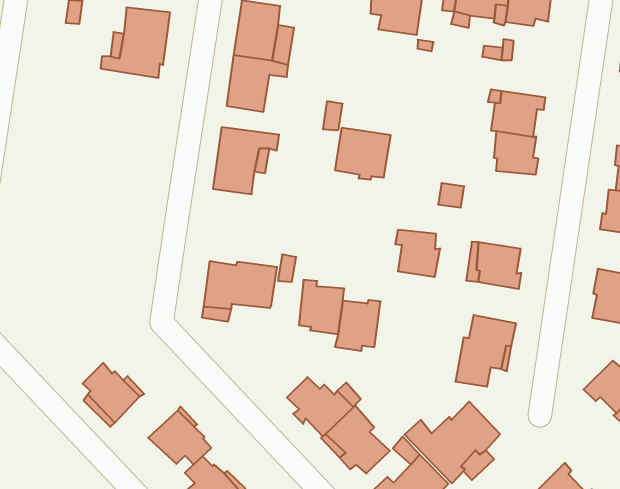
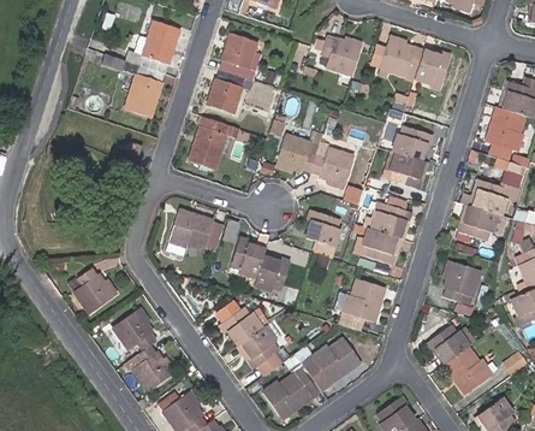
building: none -> [108,60,164,122]
building: none -> [310,146,355,183]
building: none -> [373,206,414,238]

